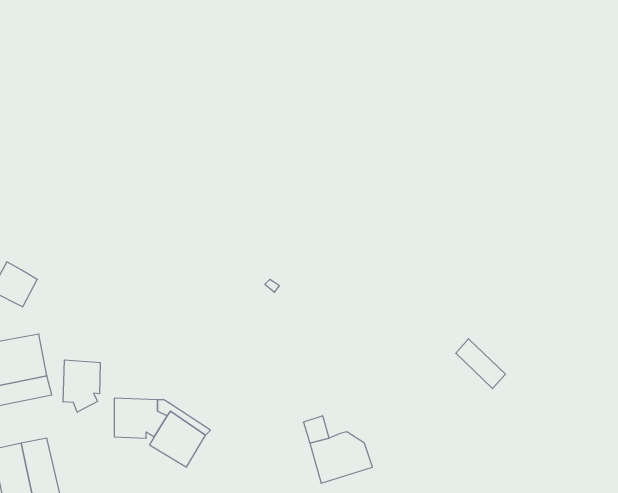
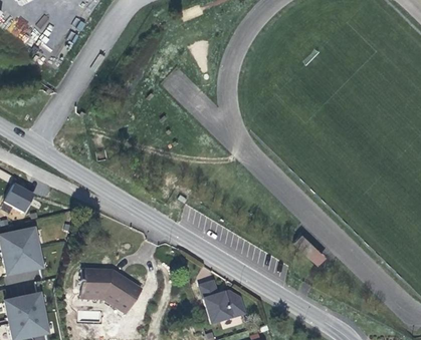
building: [63,360,100,412] -> none

